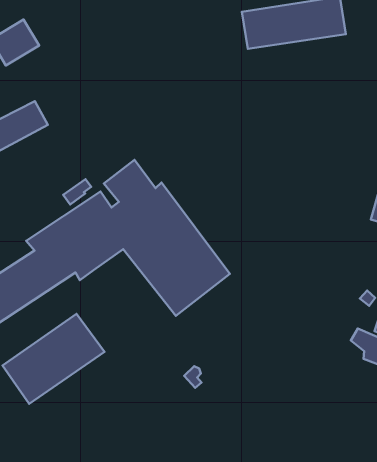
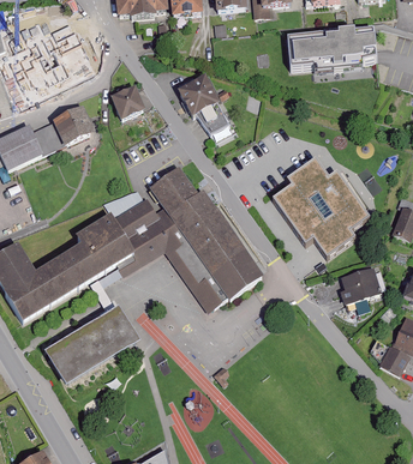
building: none -> [182,77,235,134]
building: none -> [109,86,144,120]
building: none -> [273,156,369,253]
building: none -> [339,267,383,303]

